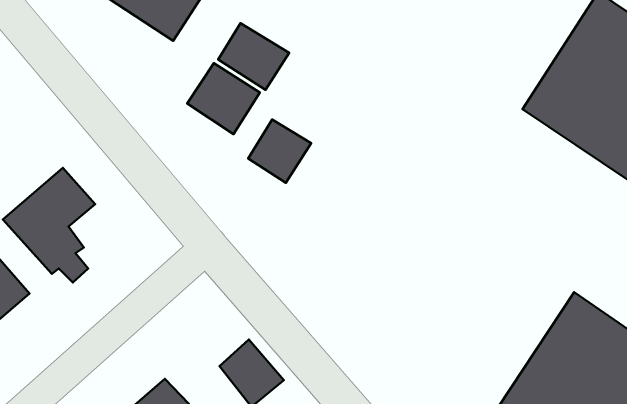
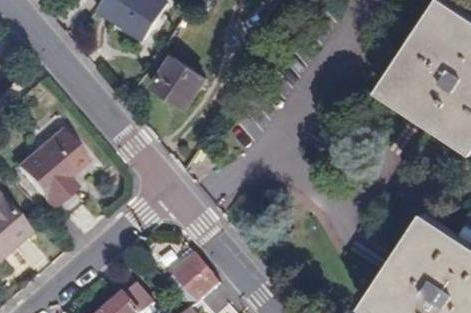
building: [218,23,289,90] -> none
building: [248,120,311,183] -> none

